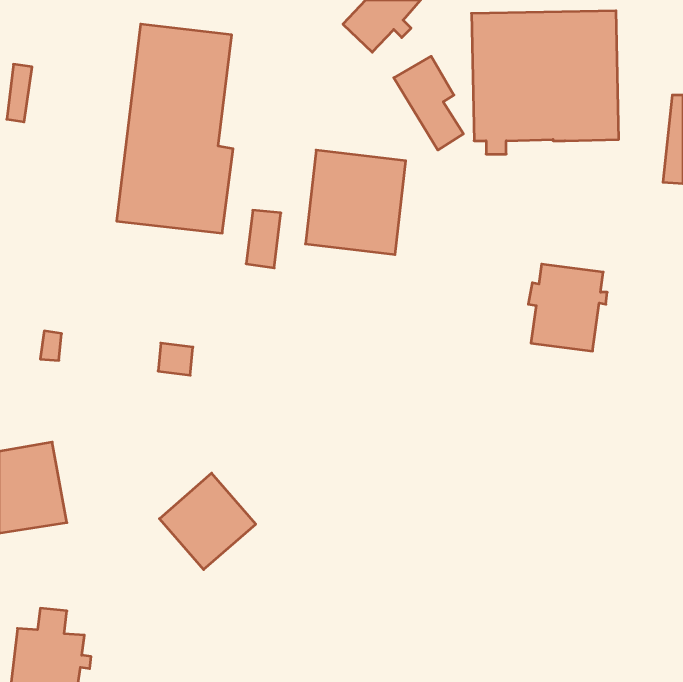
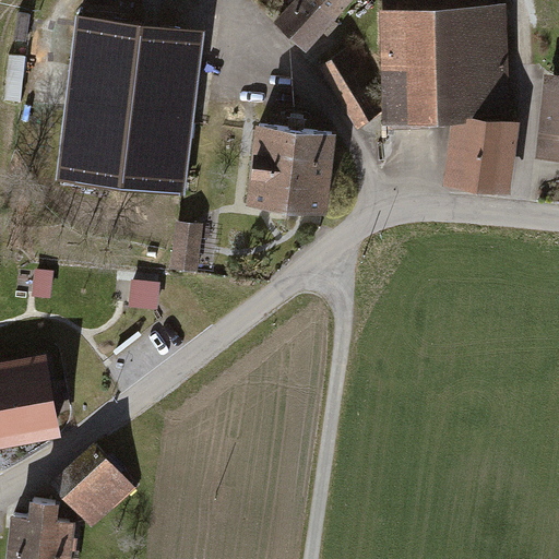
building: none -> [58,17,115,182]
building: [246,210,281,268] -> [171,223,200,270]
building: [528,264,607,351] -> [450,117,514,188]
building: [159,473,256,570] -> [53,445,132,524]

